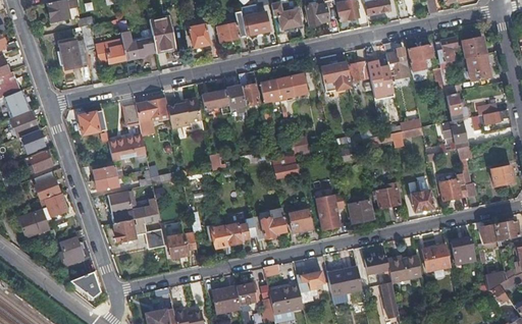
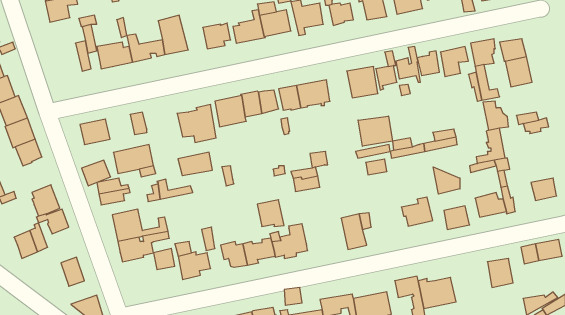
building: [55,41,80,69] -> none
building: [135,98,166,119] -> [178,152,212,176]
building: none -> [358,116,392,146]
building: [24,149,51,172] -> [82,160,111,186]
building: none -> [433,167,460,194]
building: [347,200,372,223] -> none
building: [288,207,312,231] -> [257,200,284,226]
building: [421,245,450,271] -> none

